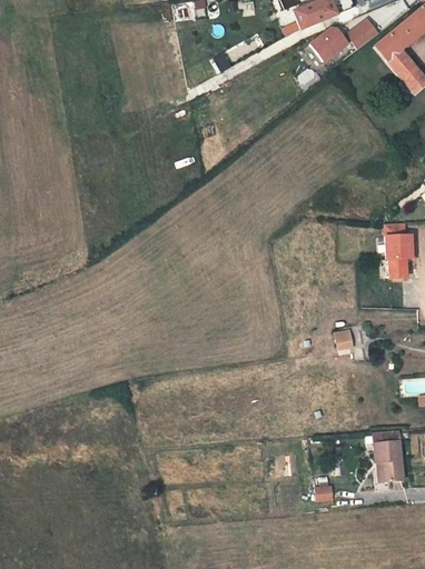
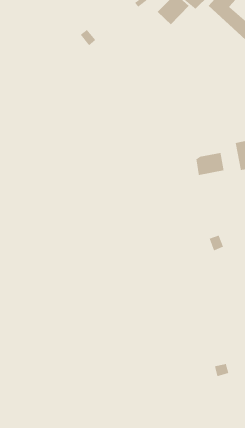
building: none -> [196,152,224,176]

